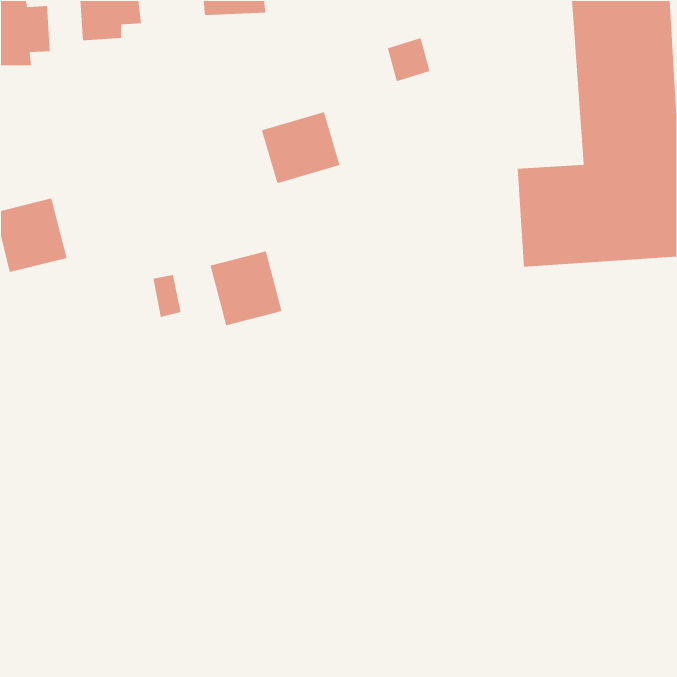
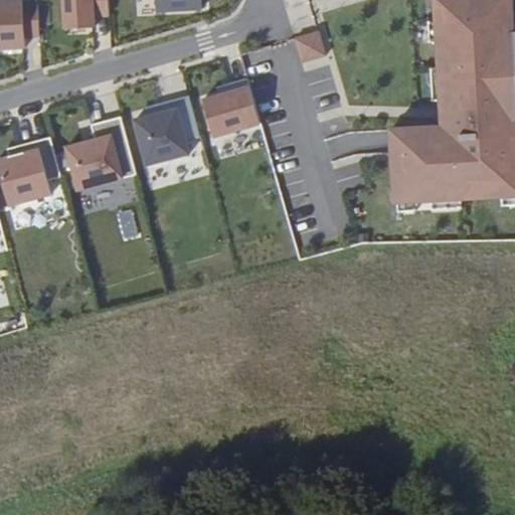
building: none -> [62,130,119,187]
building: [210,251,283,326] -> [133,108,188,165]

